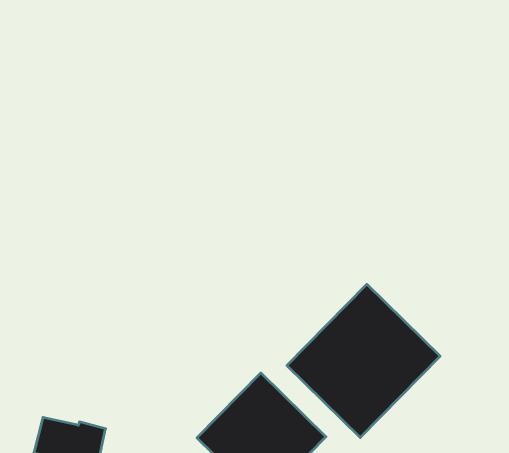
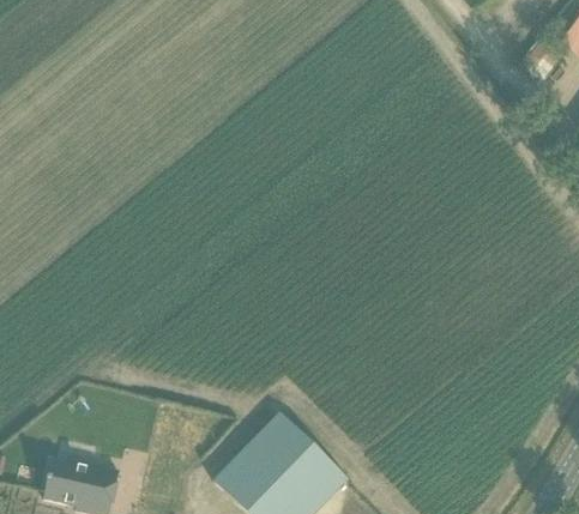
building: [287,284,440,438] -> none

